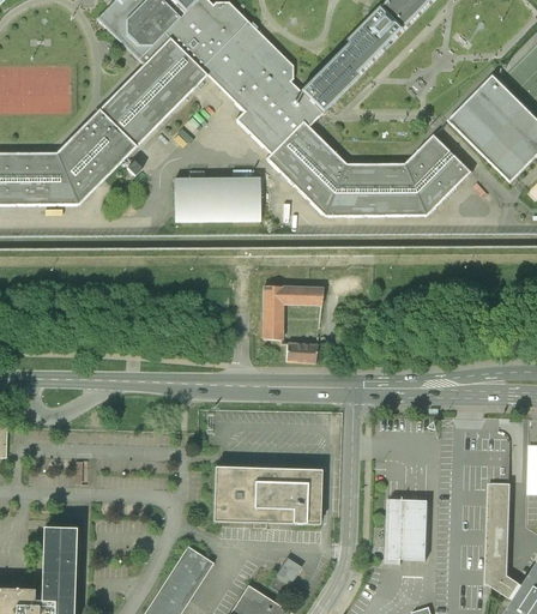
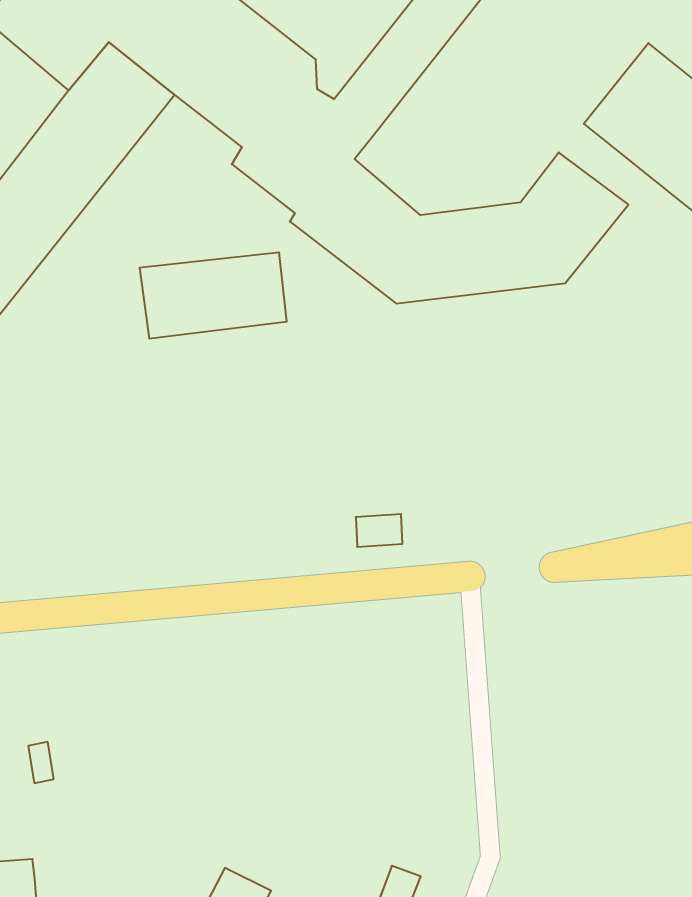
building: [263,284,321,337] -> none
building: [211,464,319,524] -> none
building: [390,499,428,558] -> none

